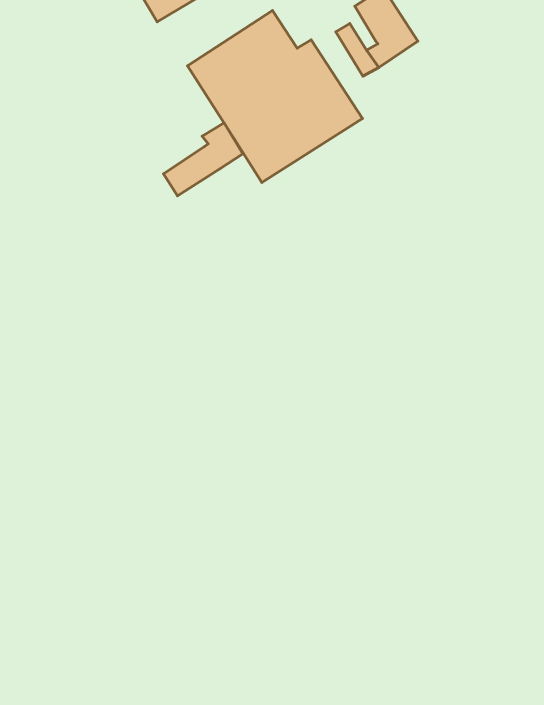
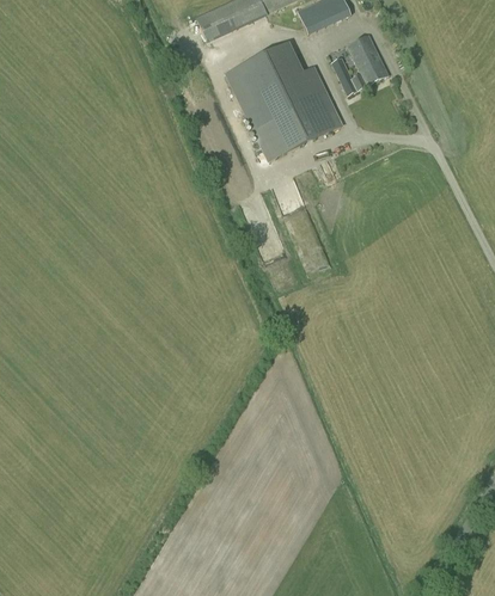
building: [163,123,243,196] -> none

